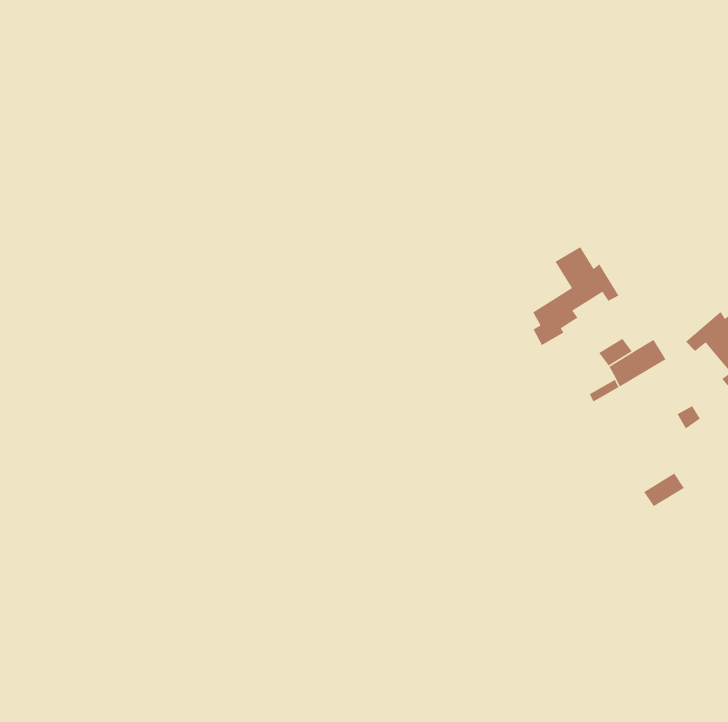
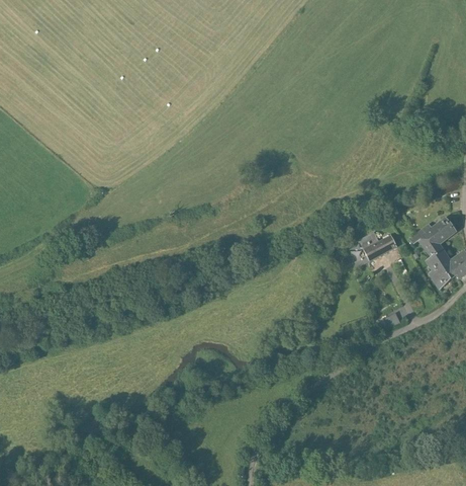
building: [532,246,619,346] -> none

